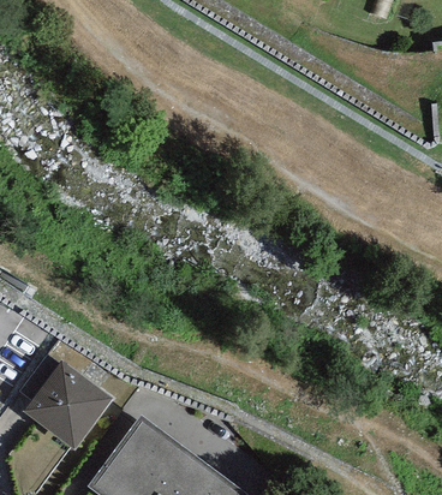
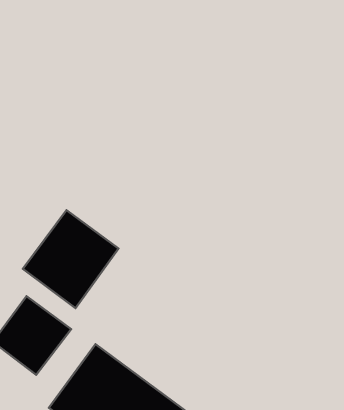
building: none -> [23,210,119,308]

